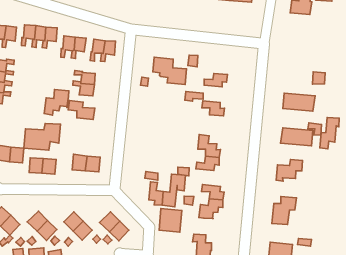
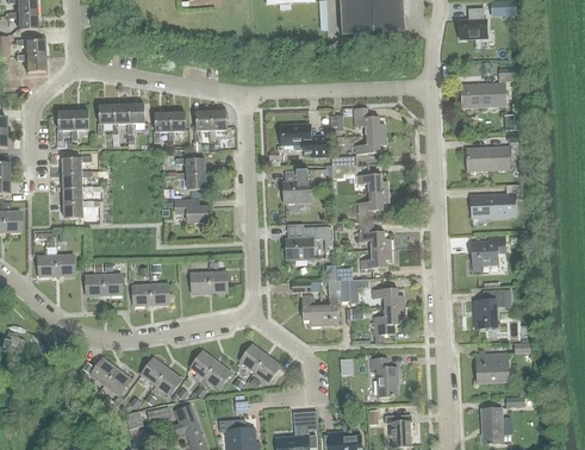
building: none -> [461,82,504,106]
building: none -> [353,106,385,135]
building: [44,90,69,115] -> none
building: none -> [284,168,326,202]
building: none -> [357,190,387,220]
building: [320,117,339,149] -> none
building: [24,123,61,150] -> none
building: none -> [286,225,330,260]
building: [159,209,182,232] -> none

